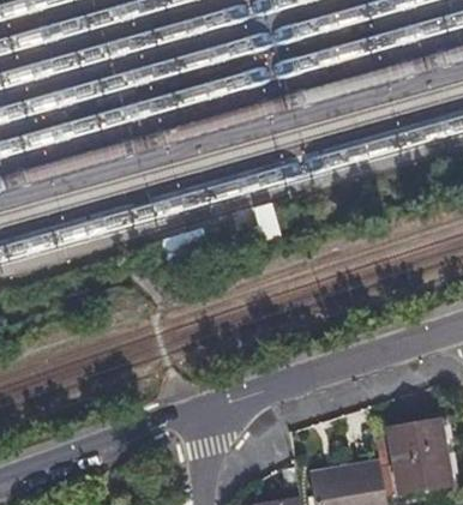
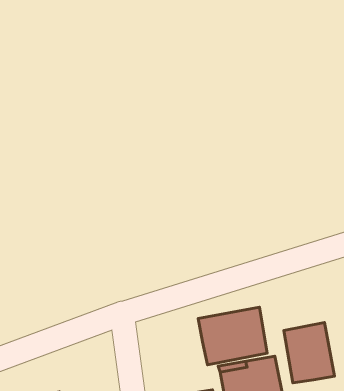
building: none -> [198,307,267,365]

